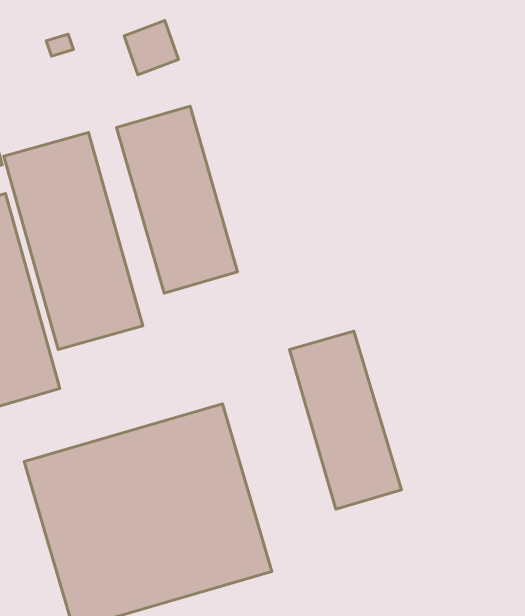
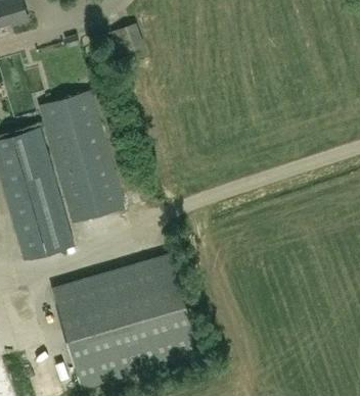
building: [117,106,238,293] -> none
building: [290,331,401,509] -> none

